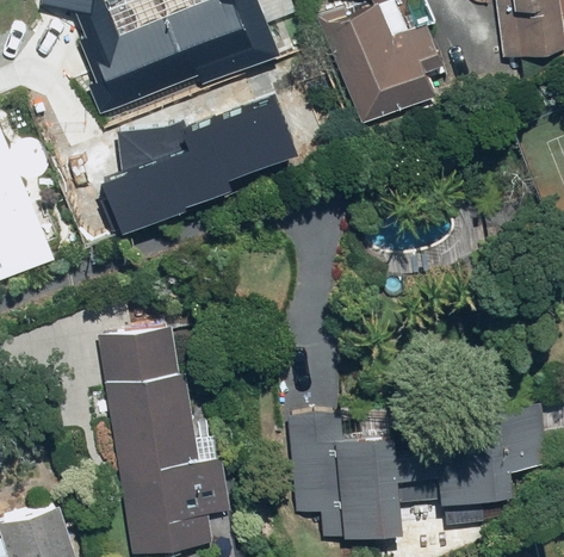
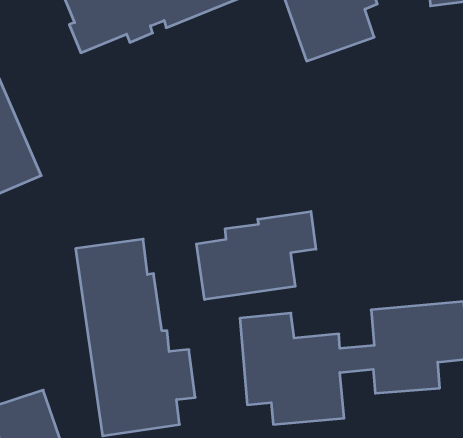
building: [104,100,293,241] -> none
building: none -> [196,211,316,300]

